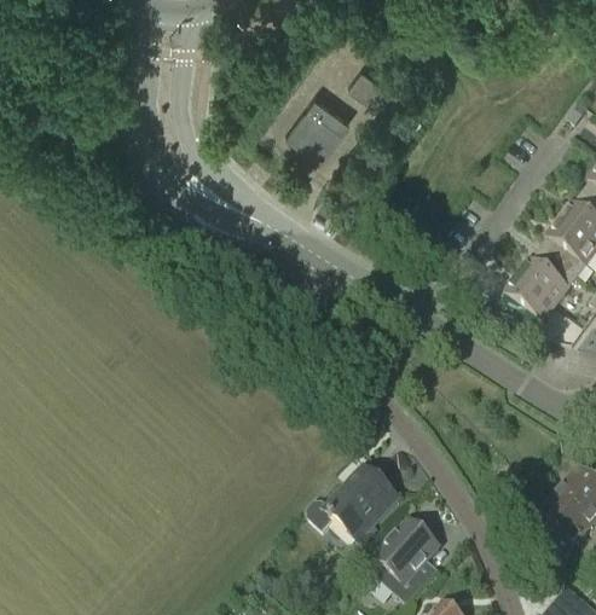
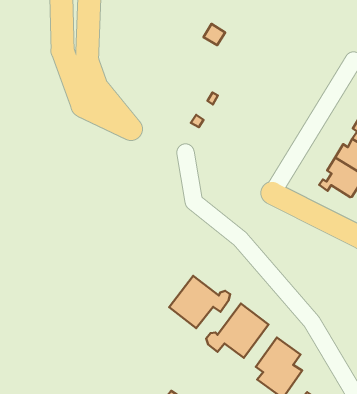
building: [288,92,352,156] -> none
building: none -> [169,276,230,328]

